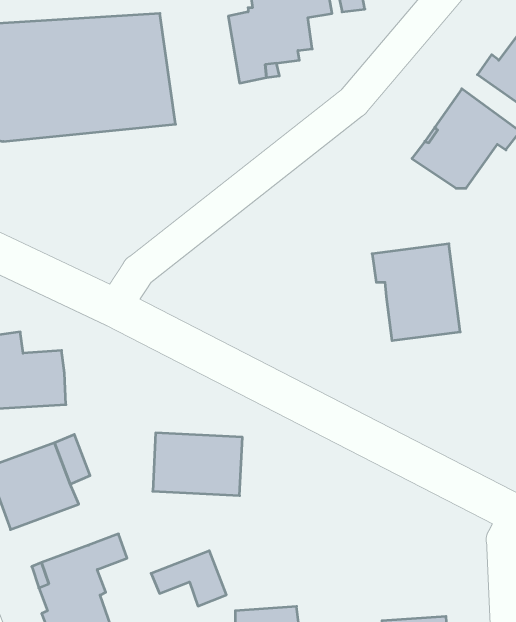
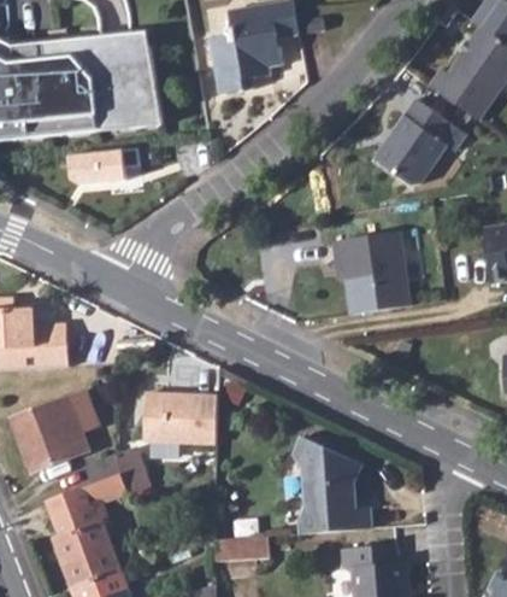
building: none -> [76,148,147,185]
building: none -> [293,435,369,534]
building: [151,551,226,606] -> [87,449,151,496]

